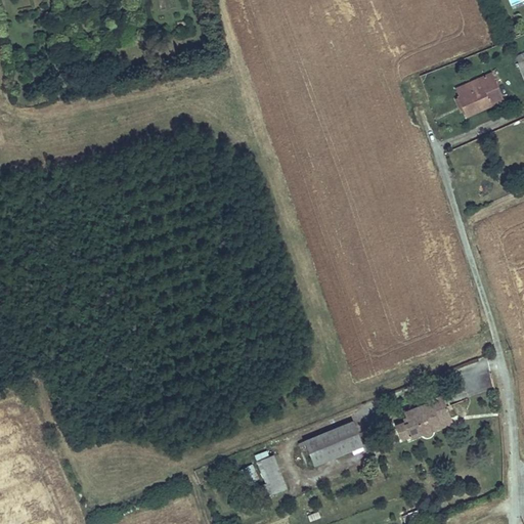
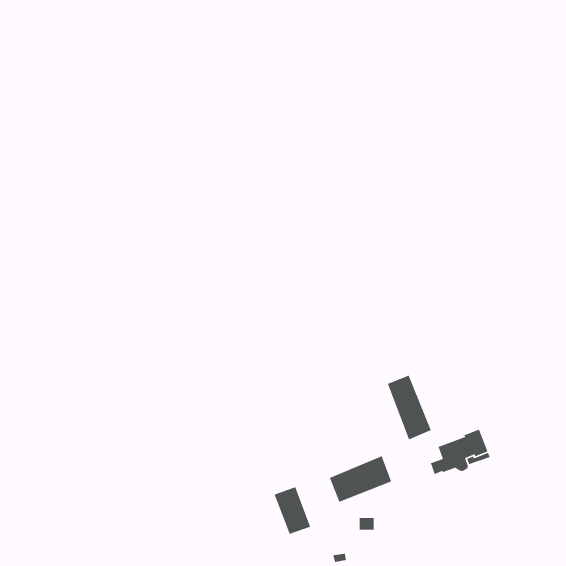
building: [456,74,501,117] -> none
building: none -> [387,375,432,440]

